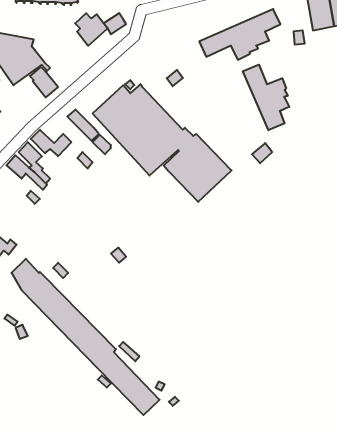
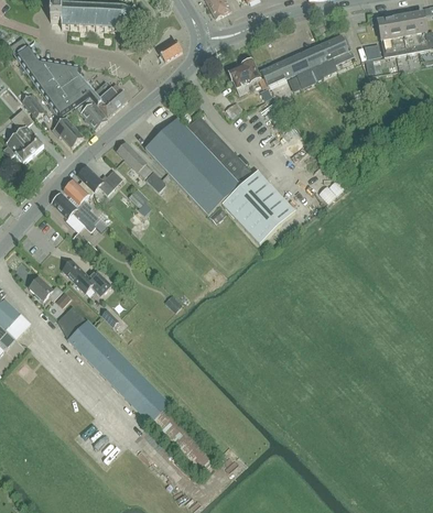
building: [75,13,108,46] -> [93,81,128,117]
building: none -> [228,58,260,94]
building: [243,65,289,130] -> none
building: none -> [51,116,83,146]
building: none -> [62,260,111,295]

